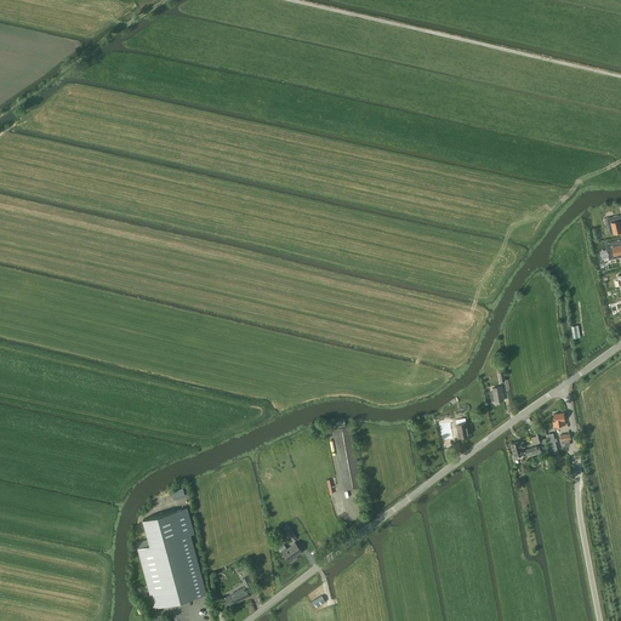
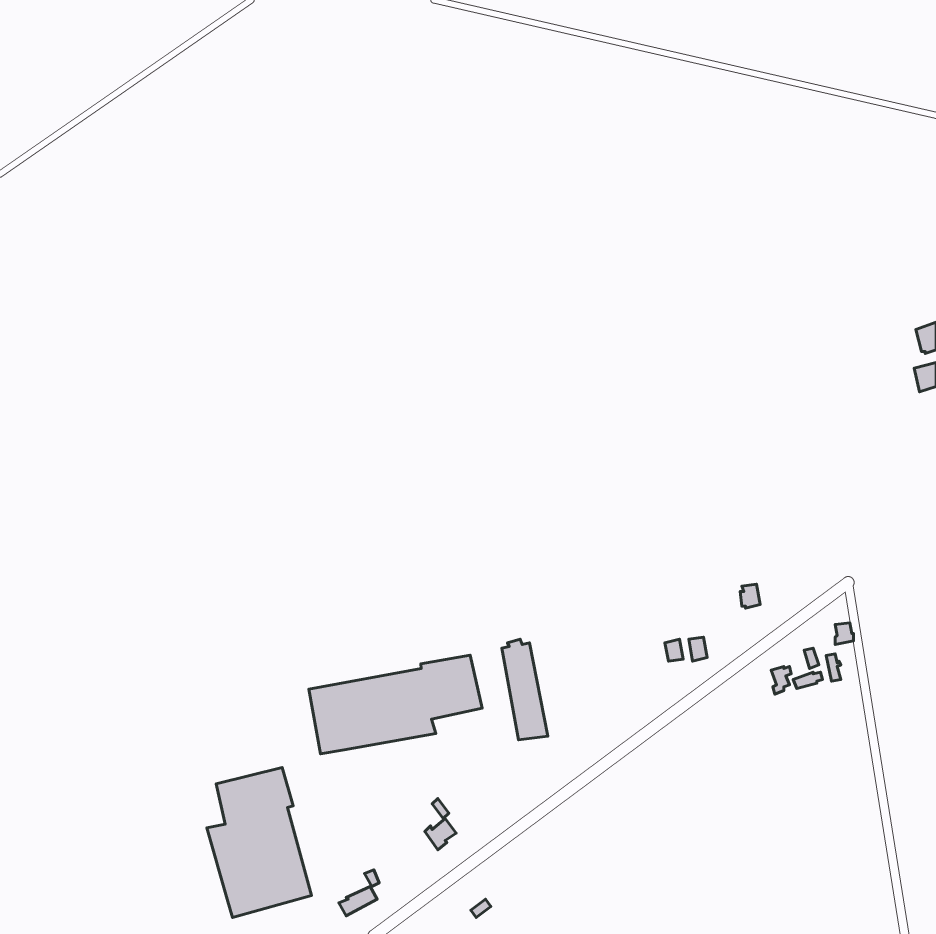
building: none -> [309,655,482,754]

